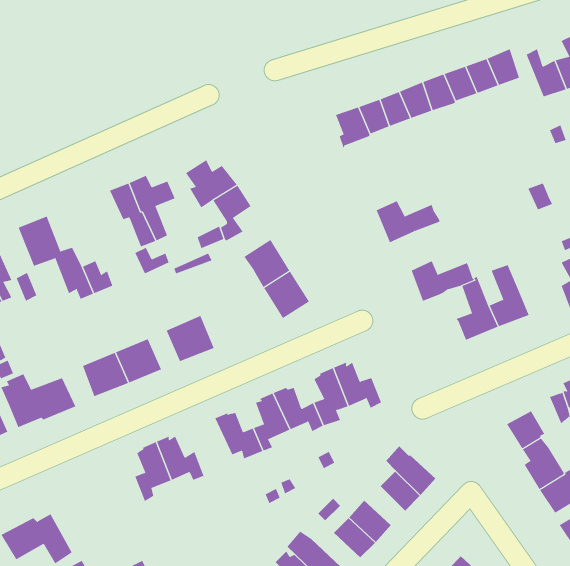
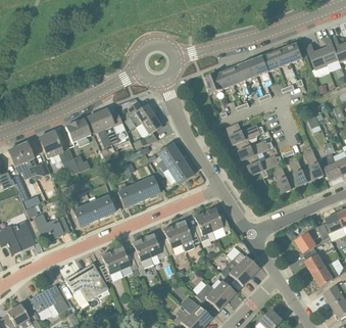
building: none -> [65,118,90,145]
building: none -> [236,138,269,159]
building: none -> [302,148,323,182]
building: none -> [133,171,159,199]
building: none -> [132,236,151,274]
building: none -> [64,267,101,300]

